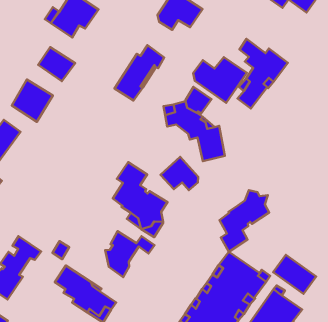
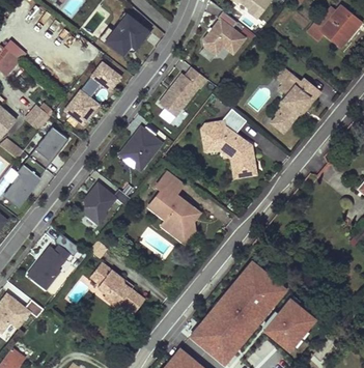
building: [193,57,247,103] -> none
building: none -> [119,126,163,171]
building: [160,157,198,190] -> none
building: [220,190,269,252] -> none
building: [105,231,155,277] -> [85,182,131,225]
building: [273,255,316,294] -> none

